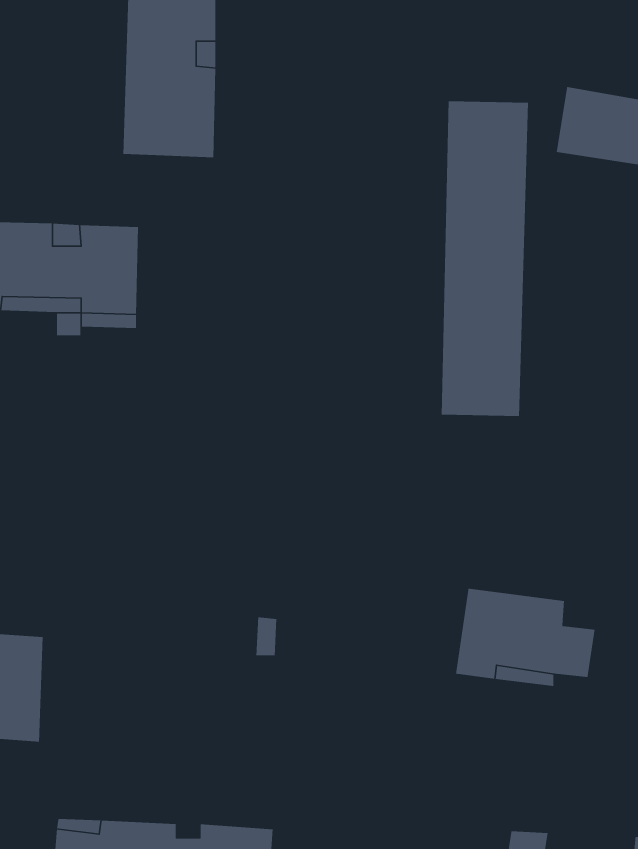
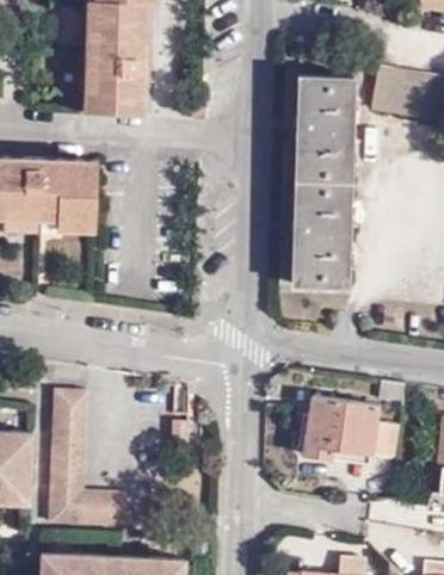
building: none -> [48,389,134,525]

